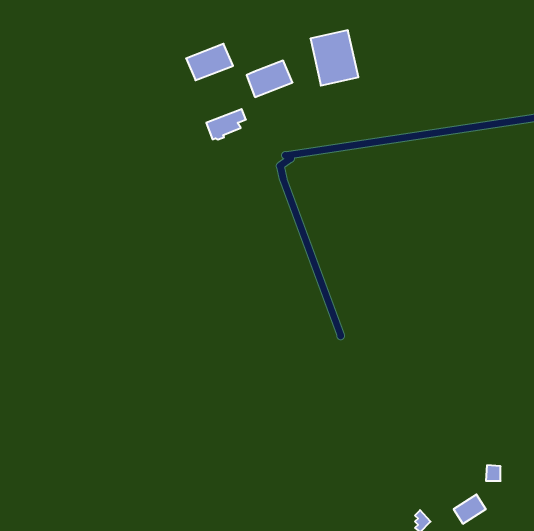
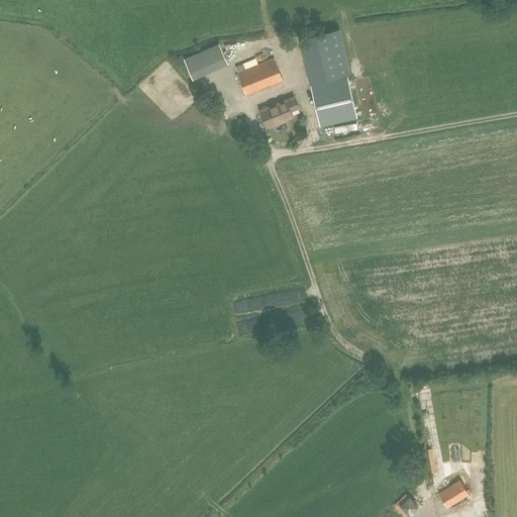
building: none -> [311,79,356,128]
building: [206,109,246,139] -> [261,99,299,128]

